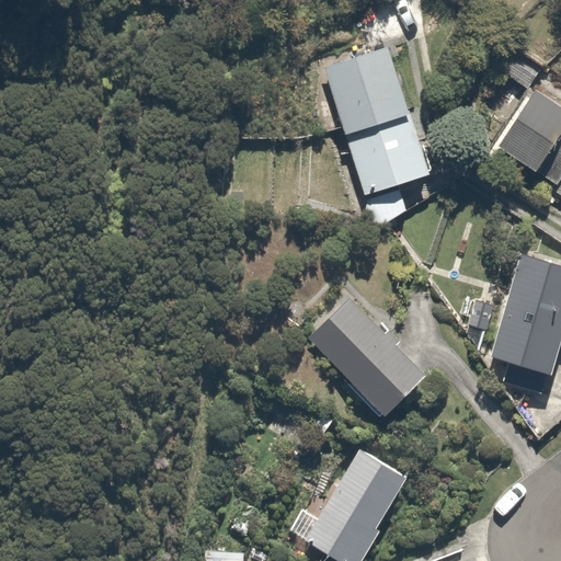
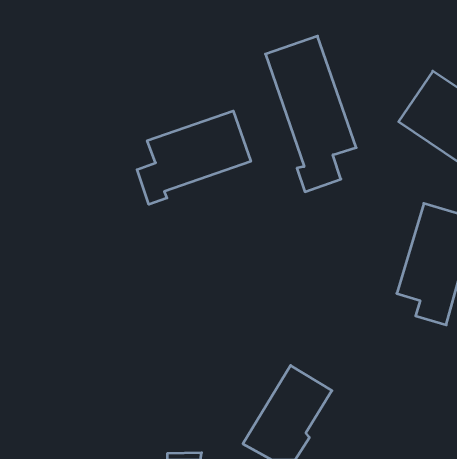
building: none -> [137,111,251,204]
building: [307,298,425,417] -> none

